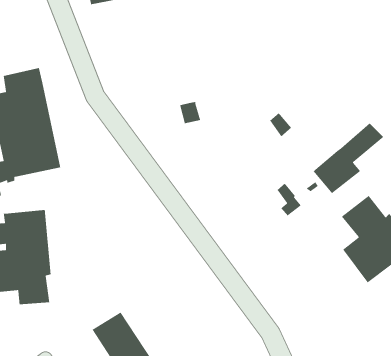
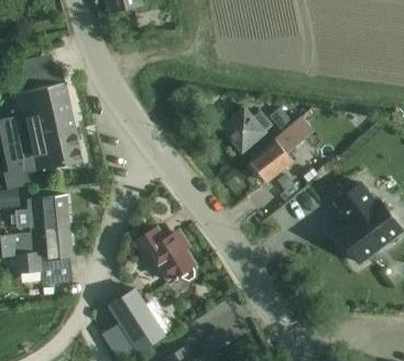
building: none -> [221,108,273,152]
building: [313,122,384,194] -> [249,117,314,182]
building: none -> [134,227,196,282]

